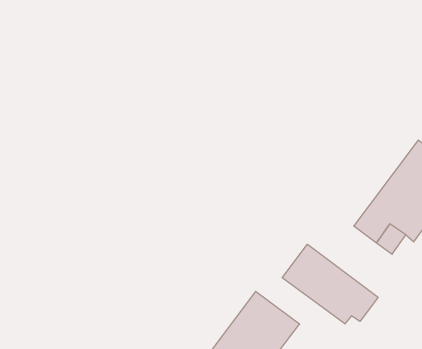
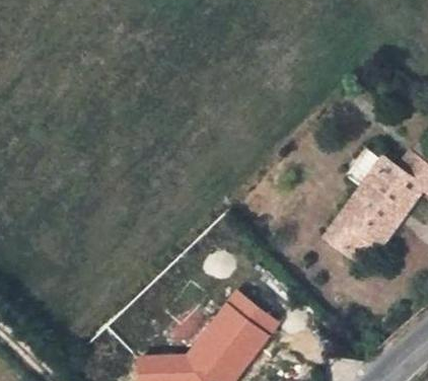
building: [282,244,378,324] -> none

